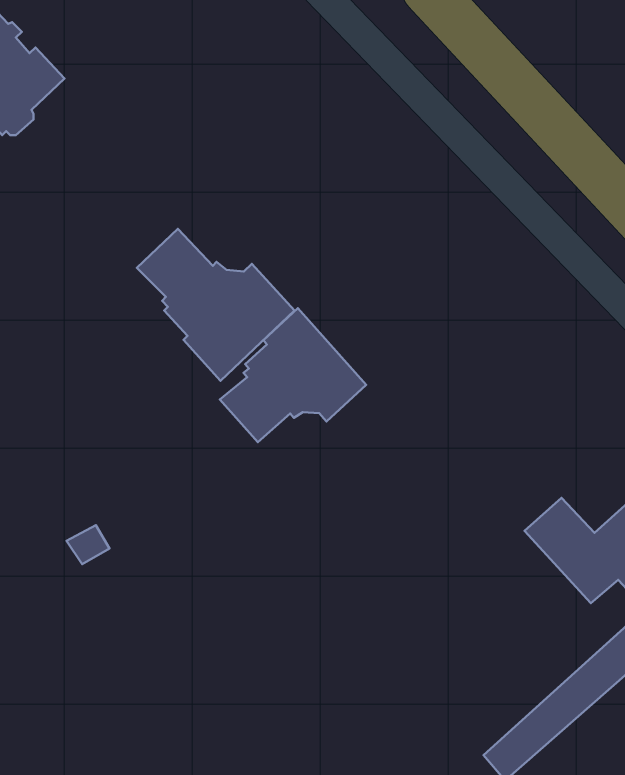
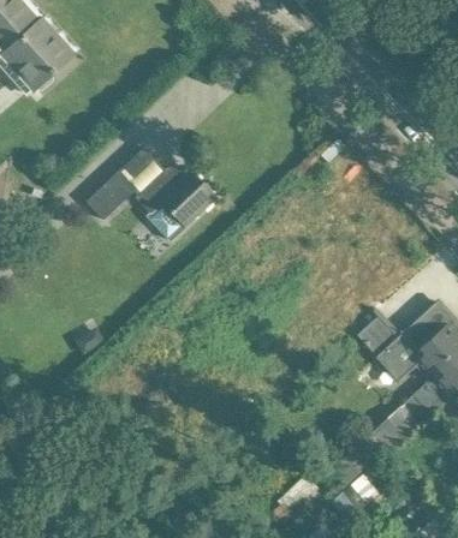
building: none -> [83,171,133,220]
building: [220,308,366,442] -> none

